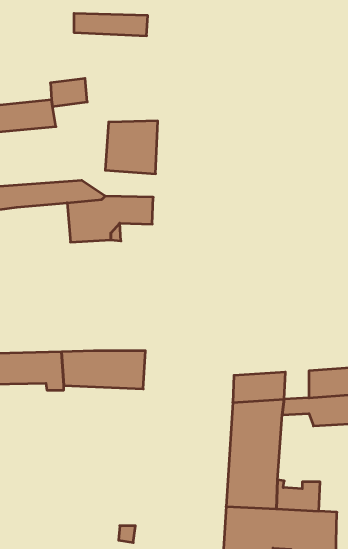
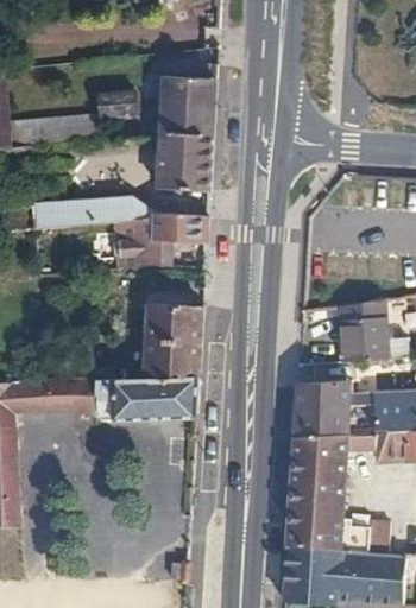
building: none -> [160,64,216,137]
building: none -> [340,296,406,357]
building: none -> [144,305,202,379]
building: none -> [292,376,349,405]

